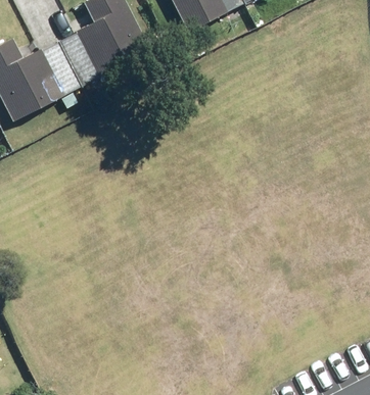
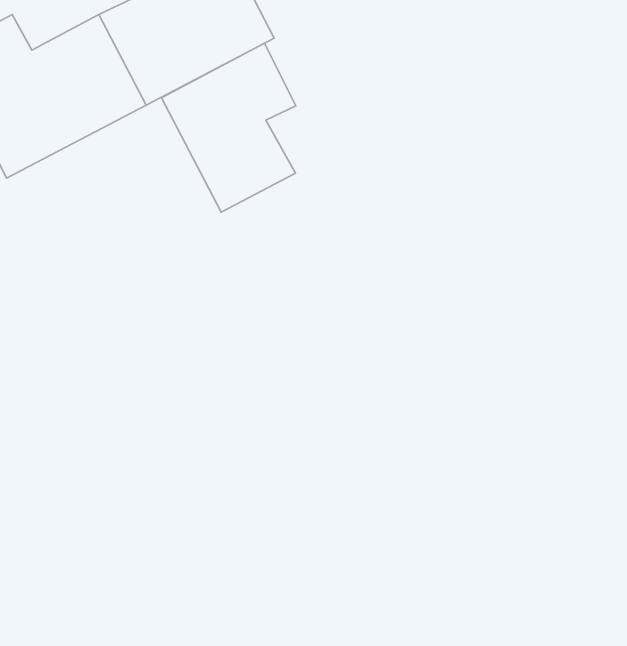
building: none -> [162,43,296,212]

